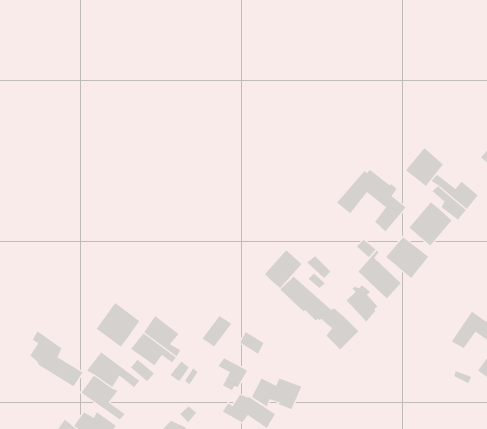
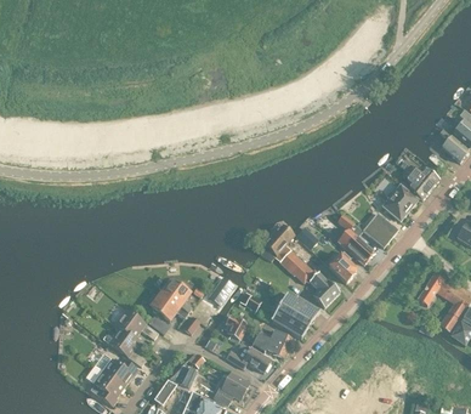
building: [405,147,444,187] -> none
building: [336,169,407,232] -> none
building: [96,302,140,348] -> none
building: [30,330,83,387] -> none
building: none -> [268,291,319,338]

